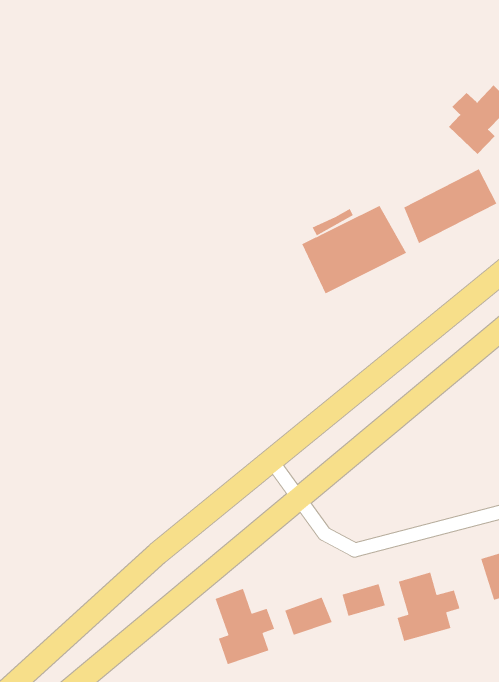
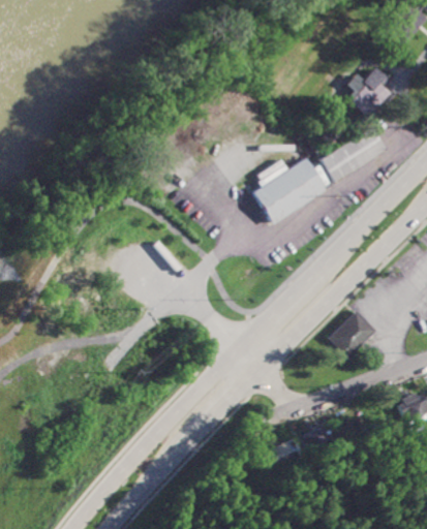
building: none -> [331,310,376,355]
building: [396,572,460,642] -> none
building: [215,588,275,665] -> none

